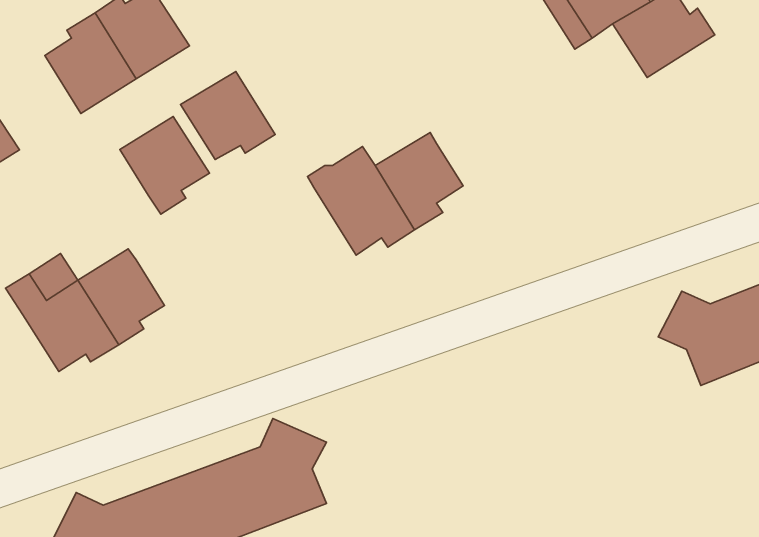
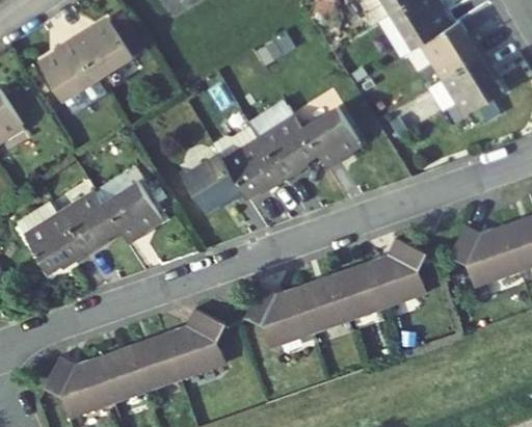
building: none -> [440,52,502,116]
building: [181,72,275,160] -> [183,153,245,211]
building: none -> [300,103,356,165]
building: [120,117,209,214] -> [102,179,161,243]
building: none -> [243,238,421,346]

